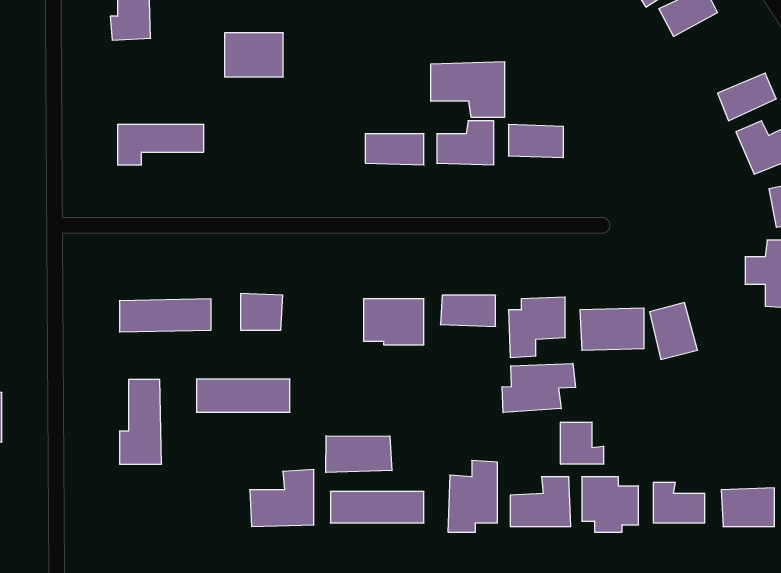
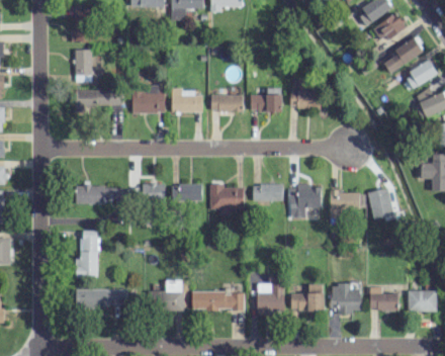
building: none -> [382,38,424,73]
building: [225,33,283,77] -> [132,89,165,113]
building: none -> [75,50,92,82]
building: [431,62,505,117] -> none
building: none -> [172,88,202,112]
building: none -> [172,184,202,201]
building: [502,363,576,413] -> none
building: [196,379,290,412] -> [77,289,128,307]
building: [561,422,604,464] -> none
building: [326,436,392,473] -> none

